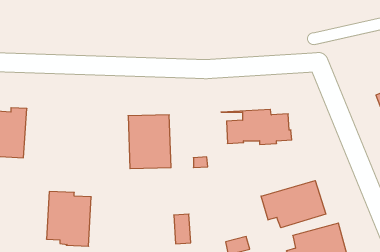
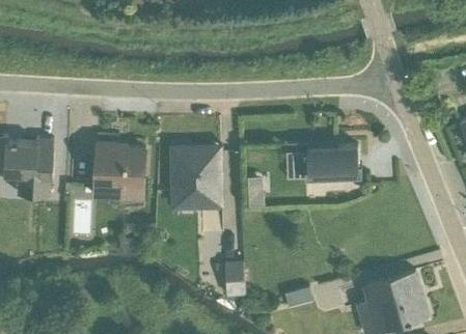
building: [261,181,326,228] -> none
building: [46,192,91,246] -> [94,142,146,205]

